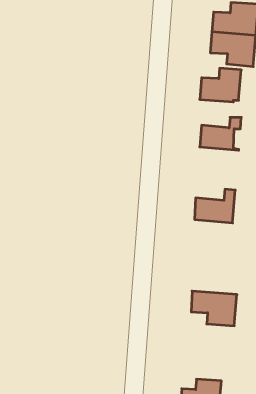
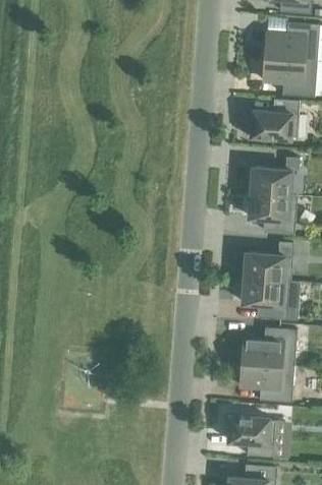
building: none -> [249,191,297,233]
building: none -> [243,277,289,318]
building: none -> [242,326,297,365]
building: none -> [227,414,275,457]

